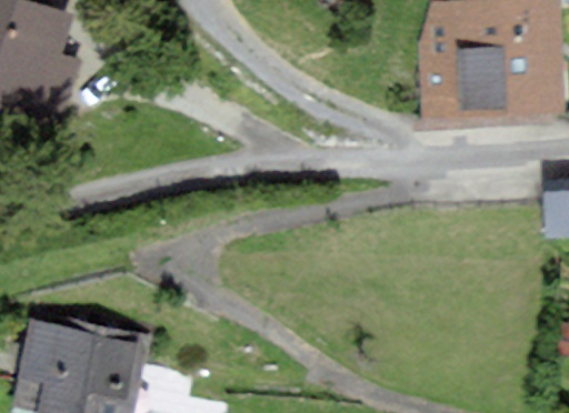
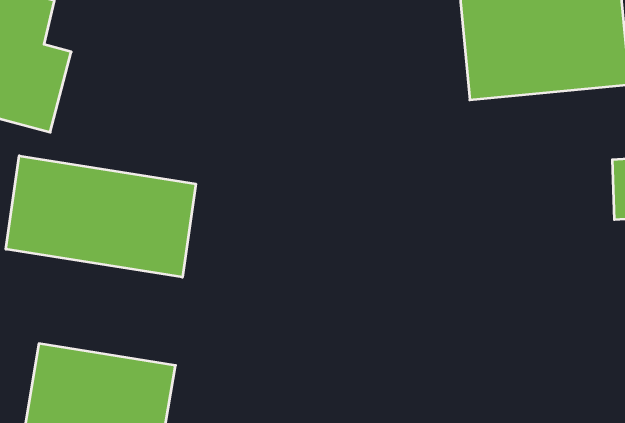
building: none -> [6,156,196,277]

